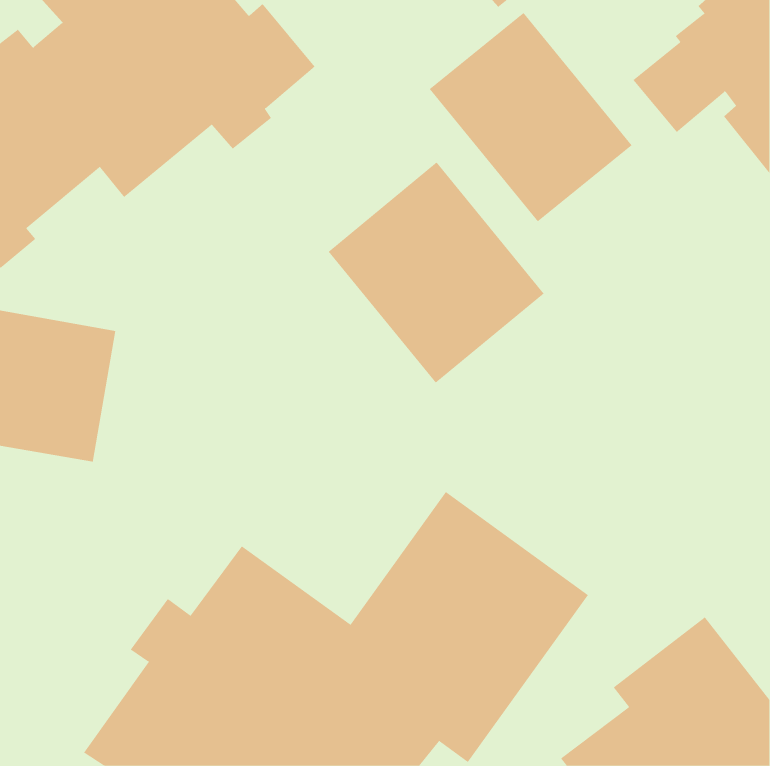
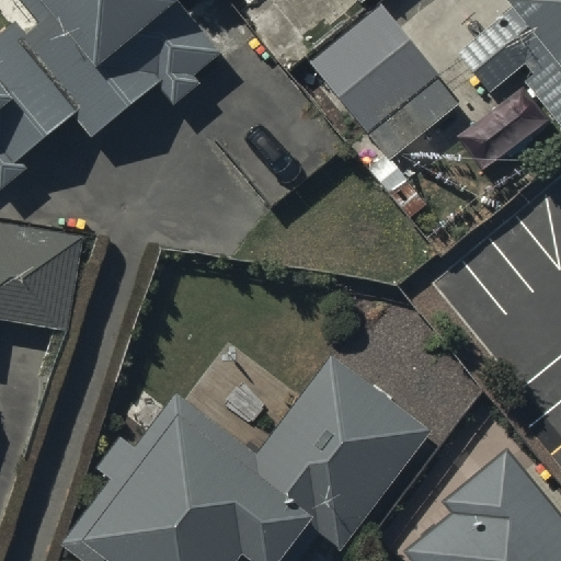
building: [328,162,545,384] -> none

